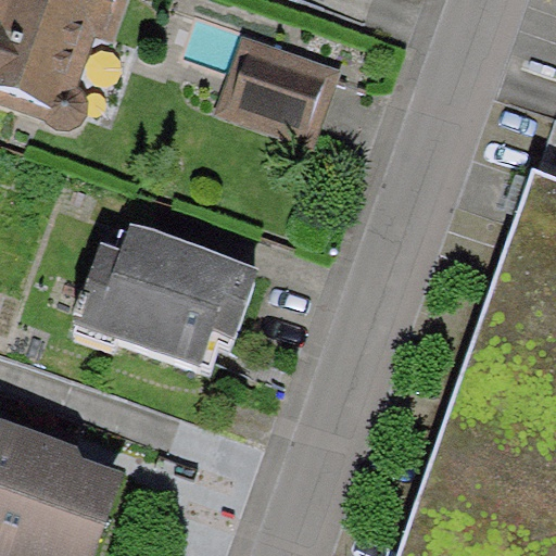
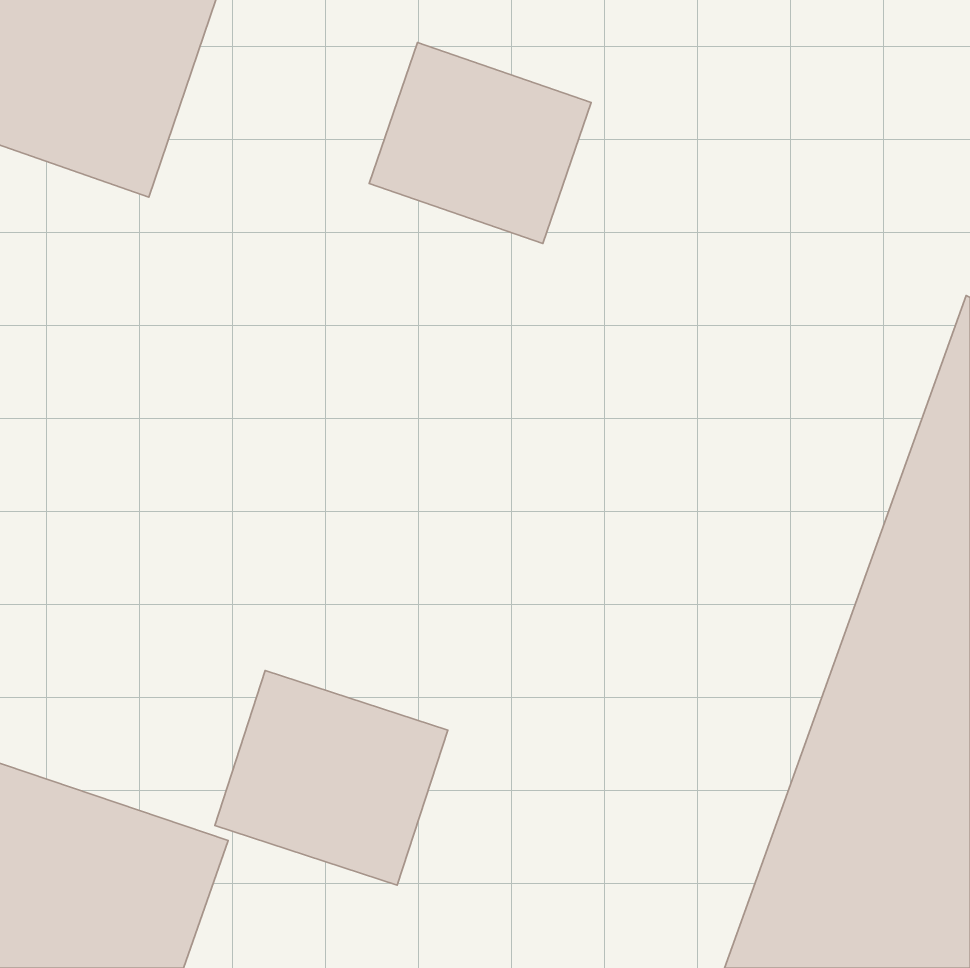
building: [72,218,262,379] -> none
building: none -> [215,671,448,885]

